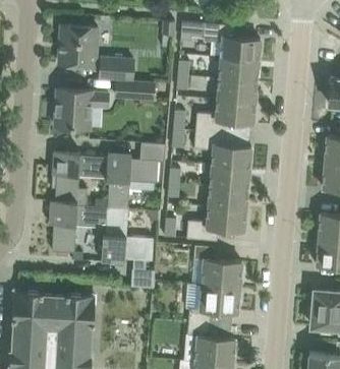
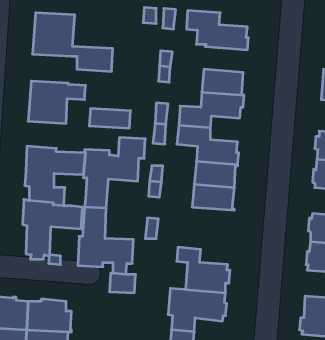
building: [219,57,260,81] -> none
building: [115,80,154,99] -> [89,109,131,128]
building: [186,207,247,241] -> none

